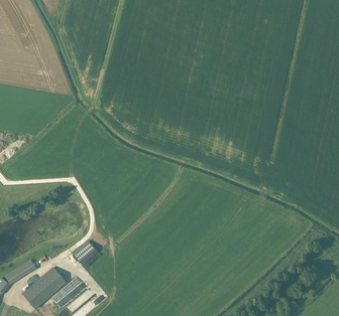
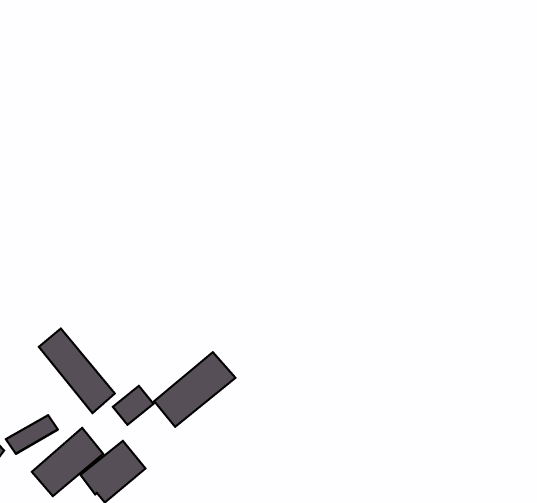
building: none -> [39,329,115,413]
building: none -> [154,352,236,427]

